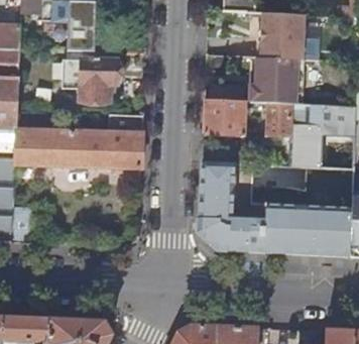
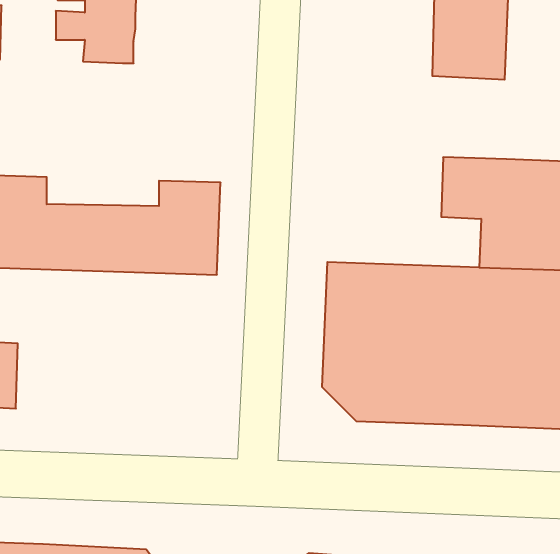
building: [250,58,305,104] -> none
building: [64,60,118,102] -> none
building: [203,101,251,136] -> none

